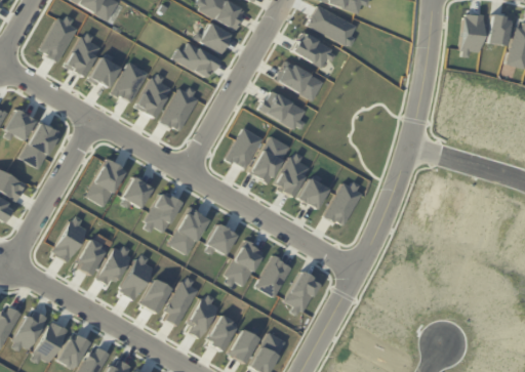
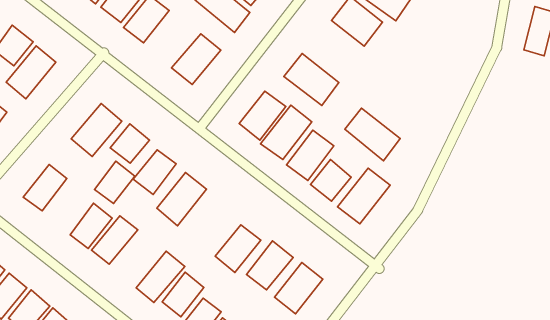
building: [275,60,324,102] -> [345,108,400,161]
building: [135,75,173,117] -> none
building: [205,223,237,256] -> none
building: [75,239,108,276] -> [94,161,135,204]
building: [142,277,172,312] -> none

